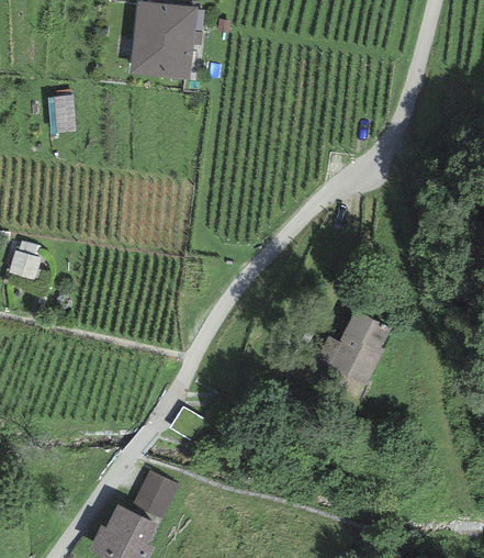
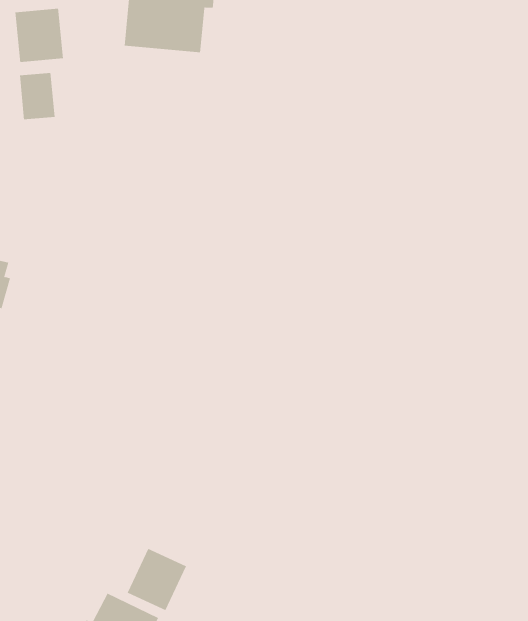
building: none -> [15,8,63,63]
building: [329,310,391,387] -> none

